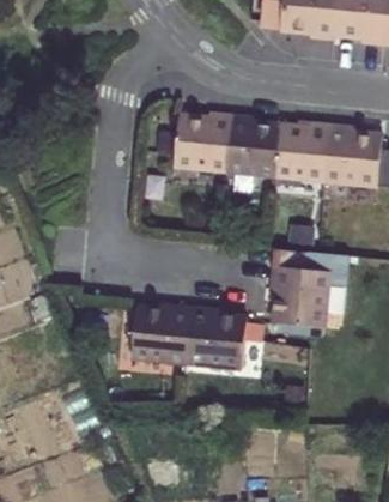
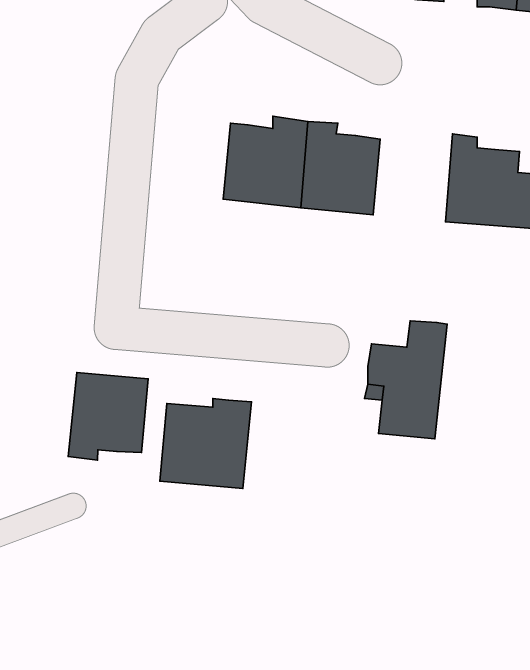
building: [276,121,330,183] -> none
building: none -> [68,373,148,460]
building: [188,306,251,370] -> none

